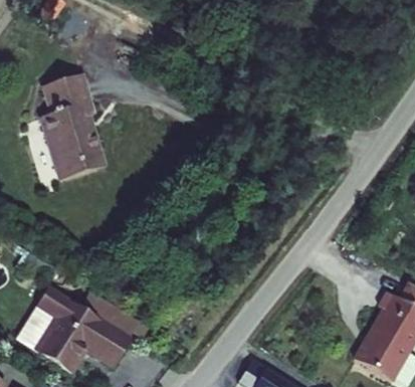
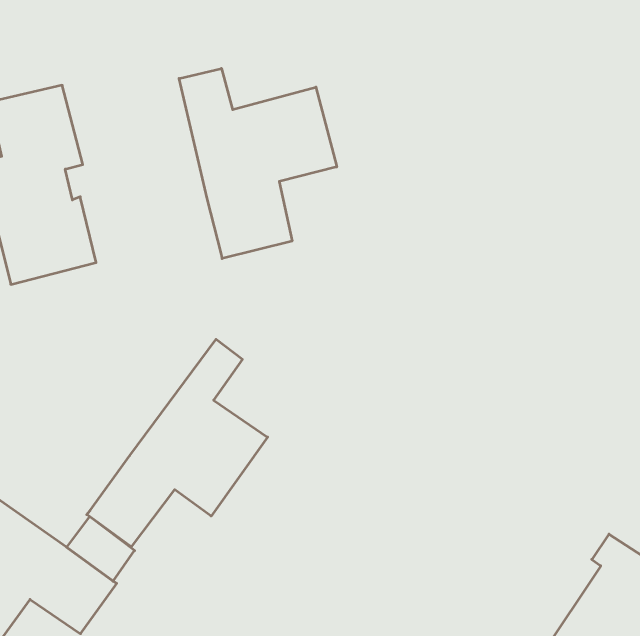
building: none -> [179,68,337,259]
building: none -> [87,339,268,547]

